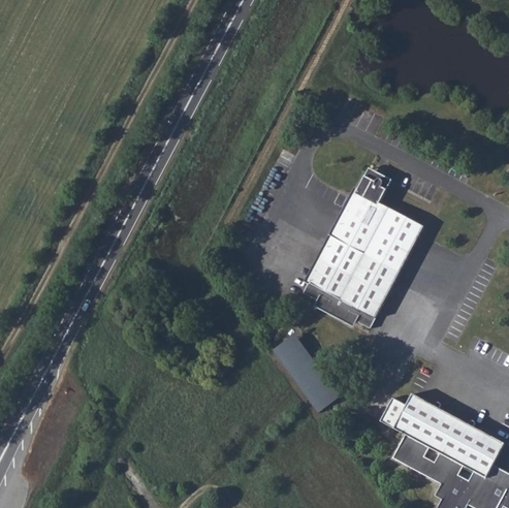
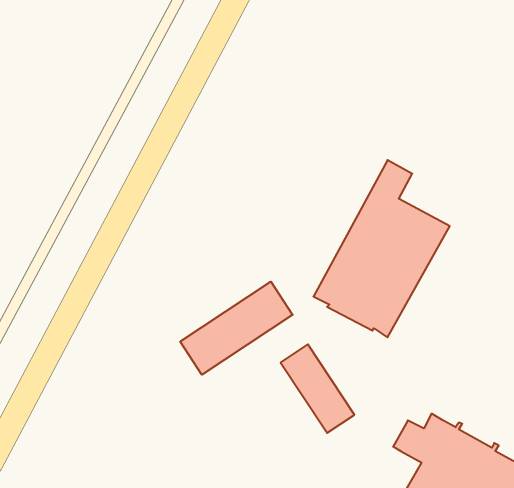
building: none -> [180,282,293,375]

